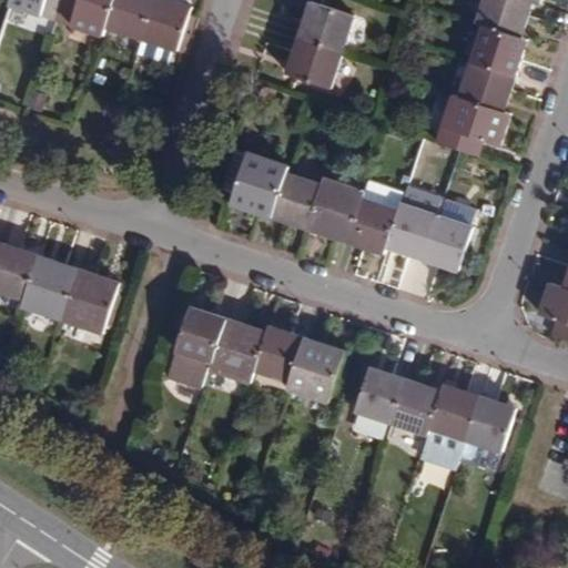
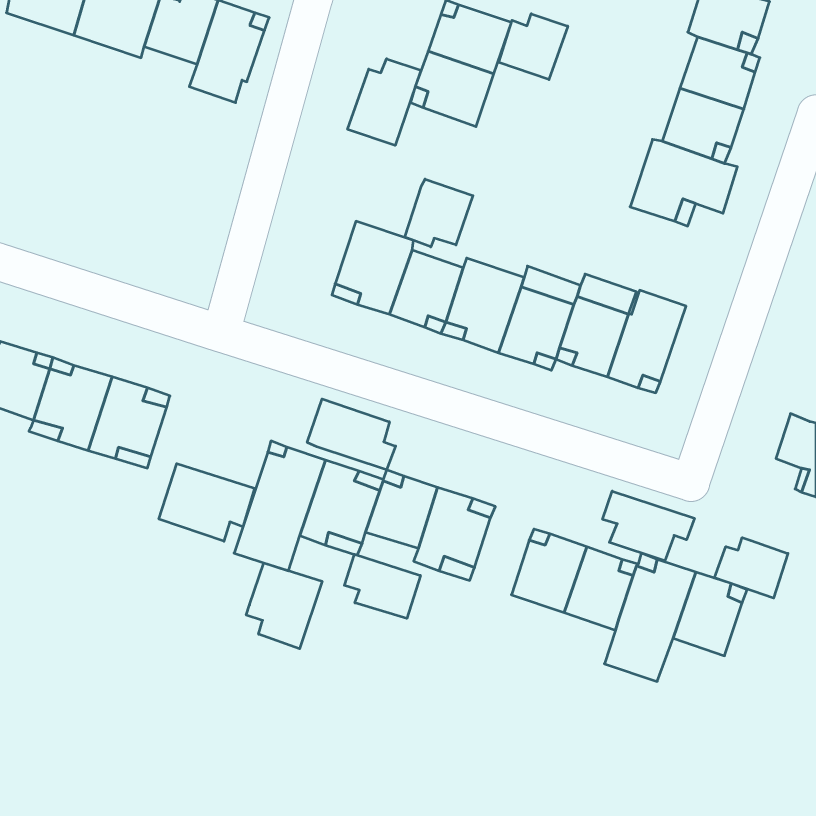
building: none -> [499,14,568,80]
building: none -> [348,59,421,145]
building: none -> [405,179,473,247]
building: none -> [307,399,396,470]
building: none -> [159,464,254,541]
building: none -> [603,491,694,561]
building: none -> [714,538,788,598]
building: none -> [344,554,420,618]
building: none -> [246,563,322,649]

